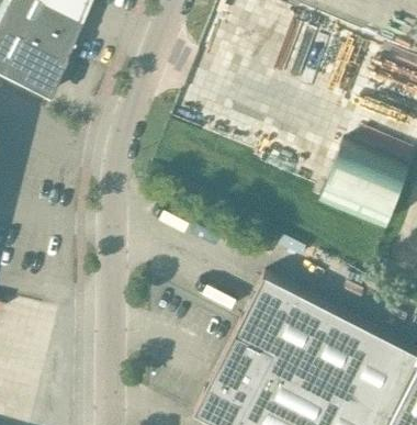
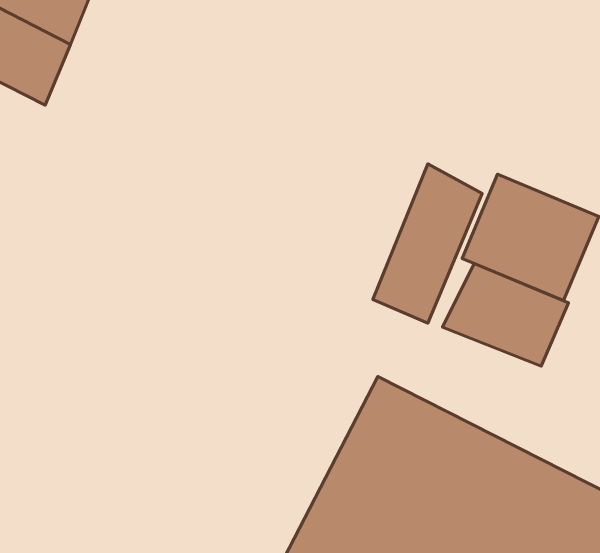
building: none -> [373,164,482,323]
building: none -> [443,264,568,366]

